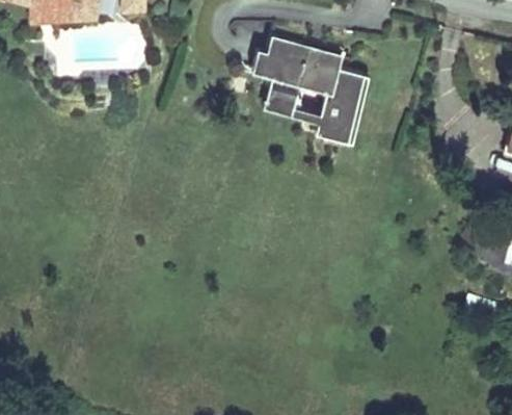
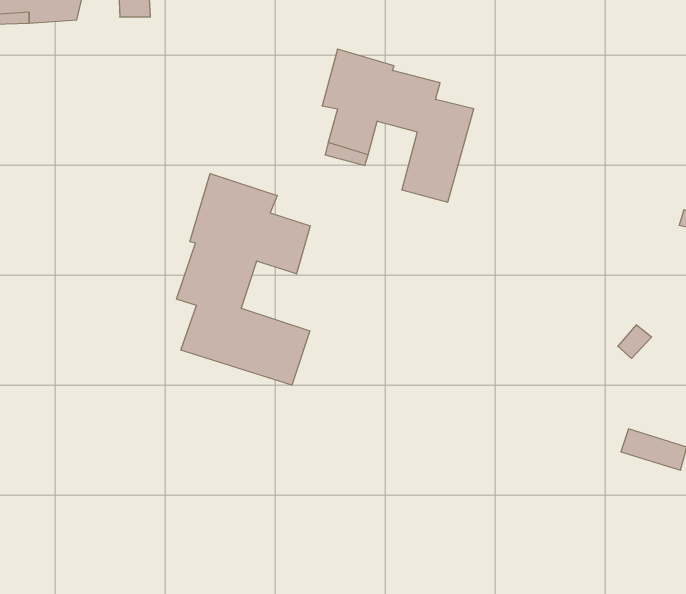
building: none -> [177,174,310,385]

